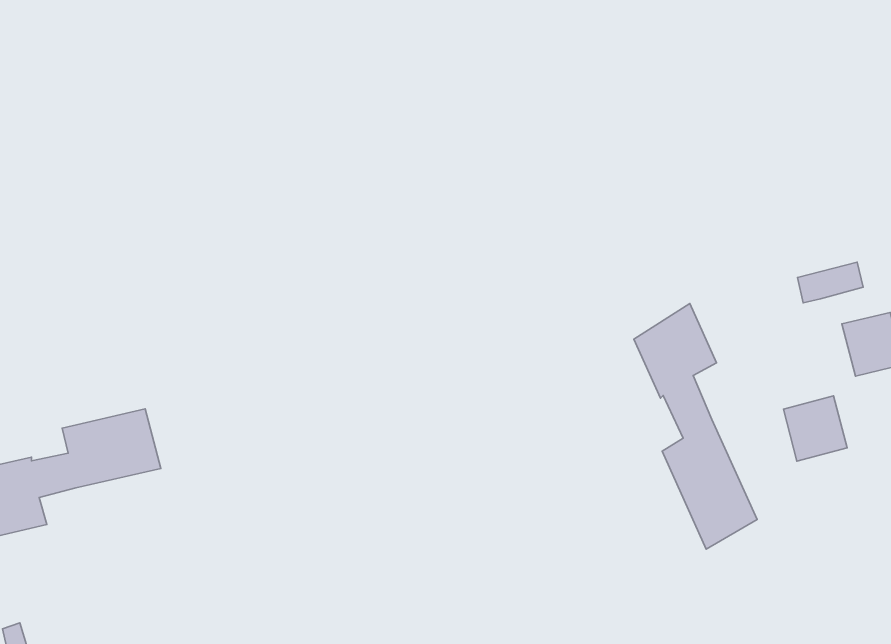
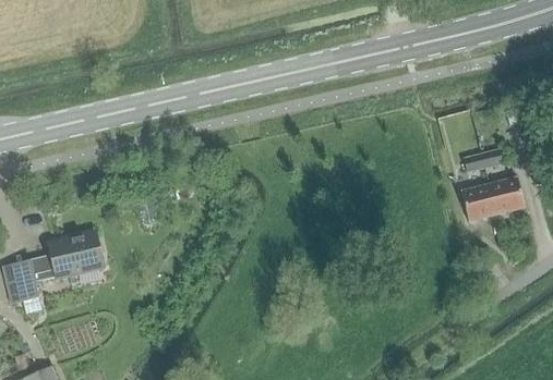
building: [634,304,757,549] -> none
building: [783,396,847,461] -> [459,184,495,221]

